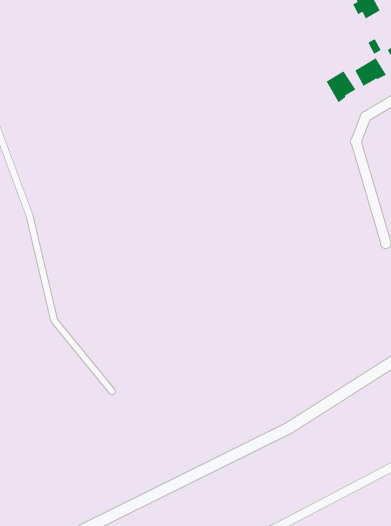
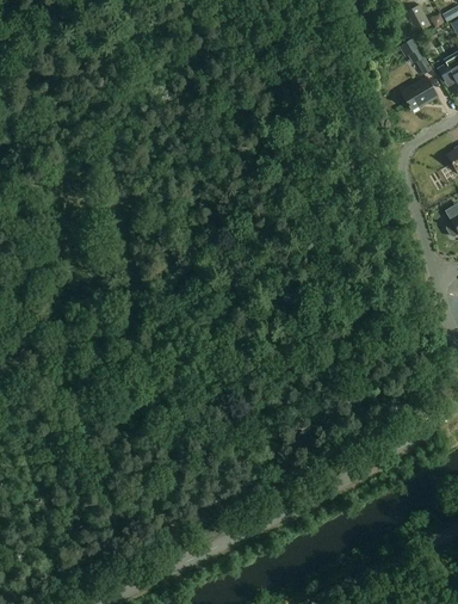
building: [326,71,356,103] -> none

